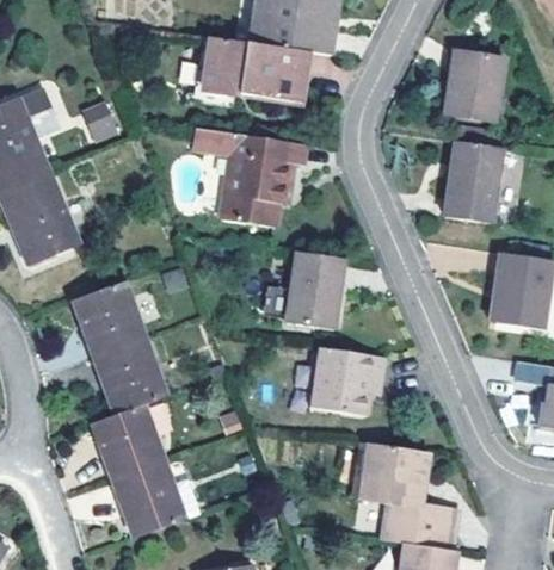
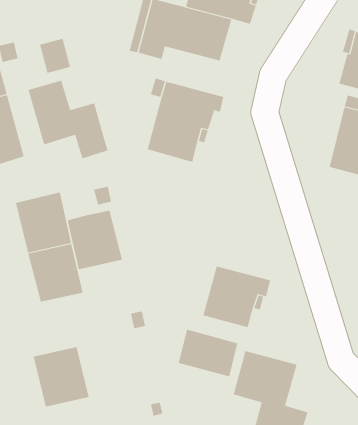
building: none -> [28,80,108,159]
building: [289,252,346,330] -> none
building: [94,404,166,479] -> [67,210,123,270]
building: none -> [178,329,238,377]

